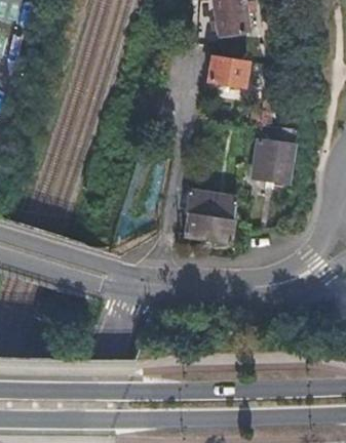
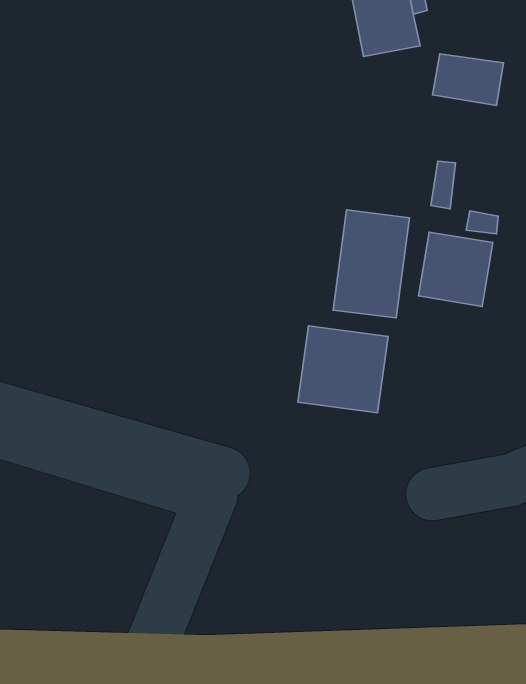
building: [206,55,247,85] -> [433,54,504,105]
building: none -> [333,210,410,318]

